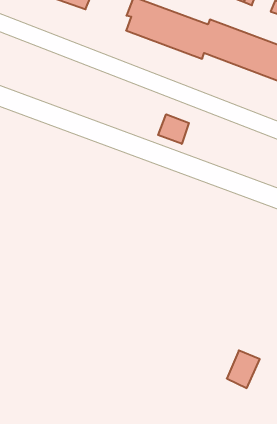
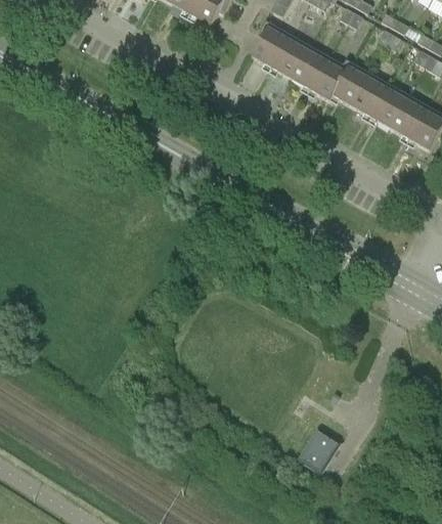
building: [158,114,189,144] -> none

